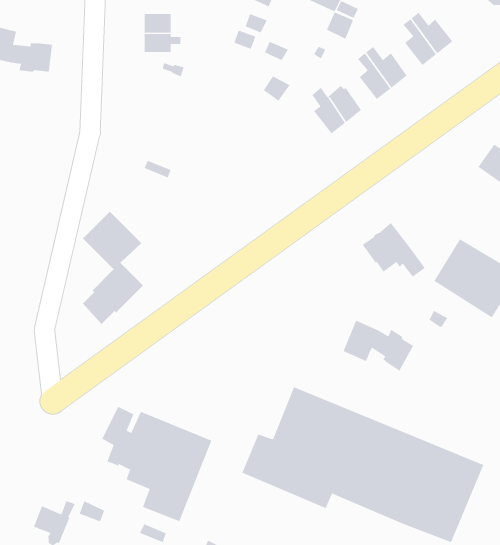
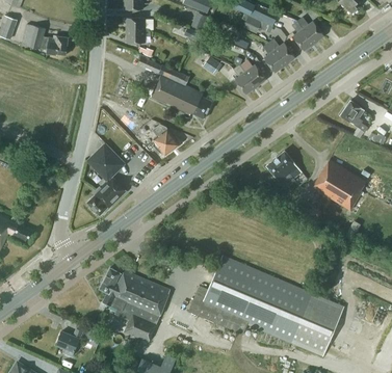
building: none -> [137,56,212,119]
building: none -> [153,124,179,155]
building: [343,320,414,372] -> none

